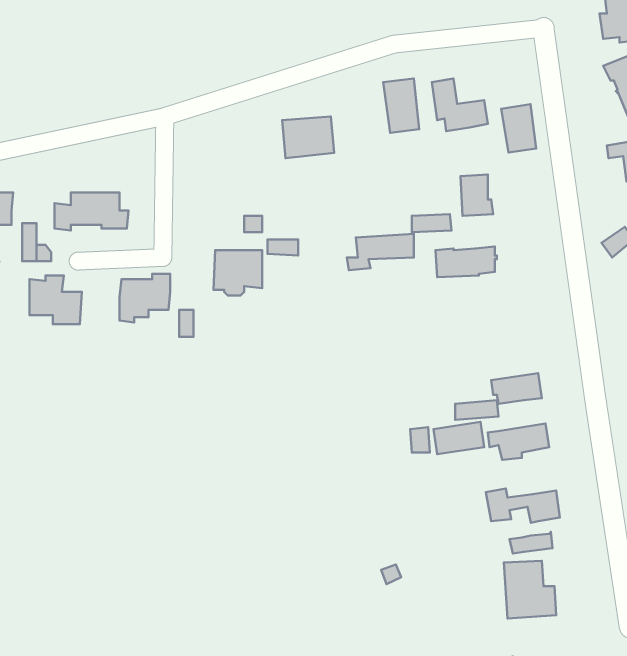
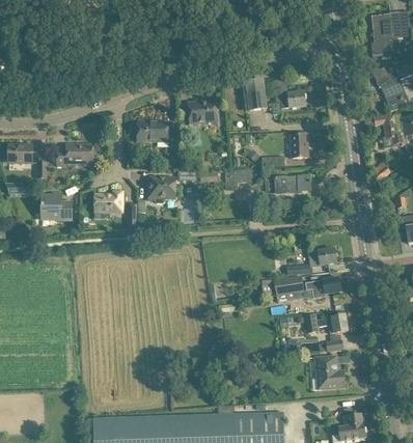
building: [501,104,536,153] -> none
building: none -> [138,120,169,142]

